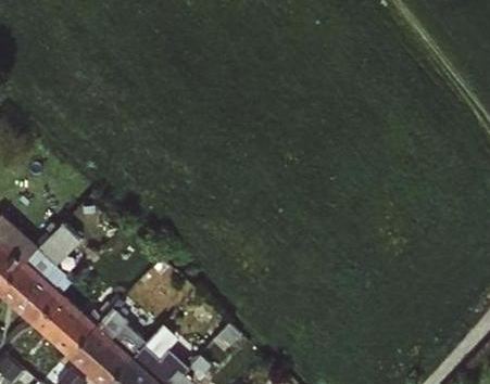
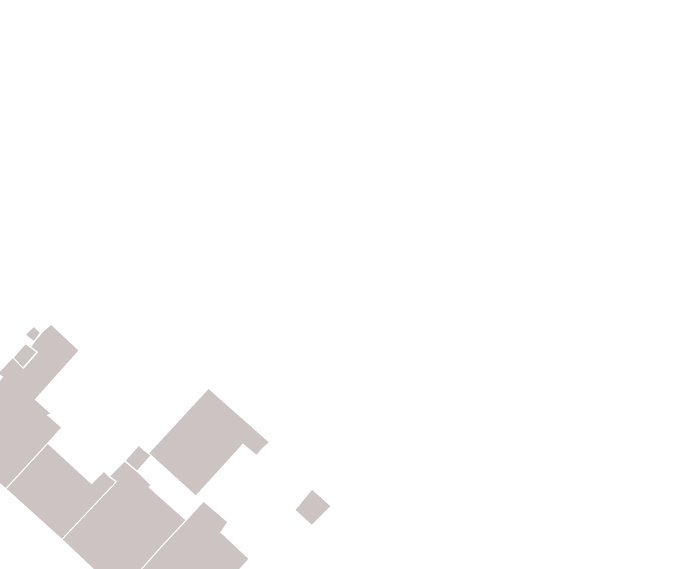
building: none -> [148,388,270,496]

